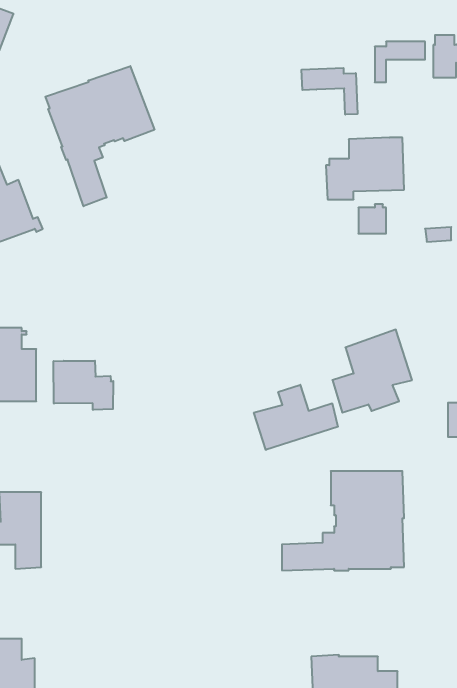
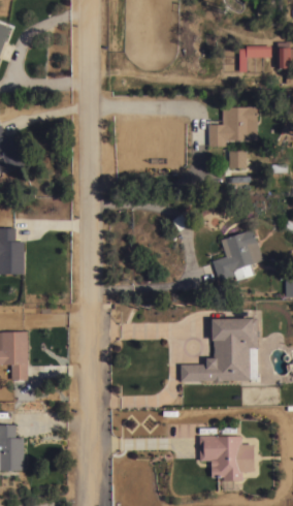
building: [45,66,154,206] -> none
building: [302,68,357,115] -> none
building: [54,361,113,410] -> none
building: [254,385,338,450] -> none

